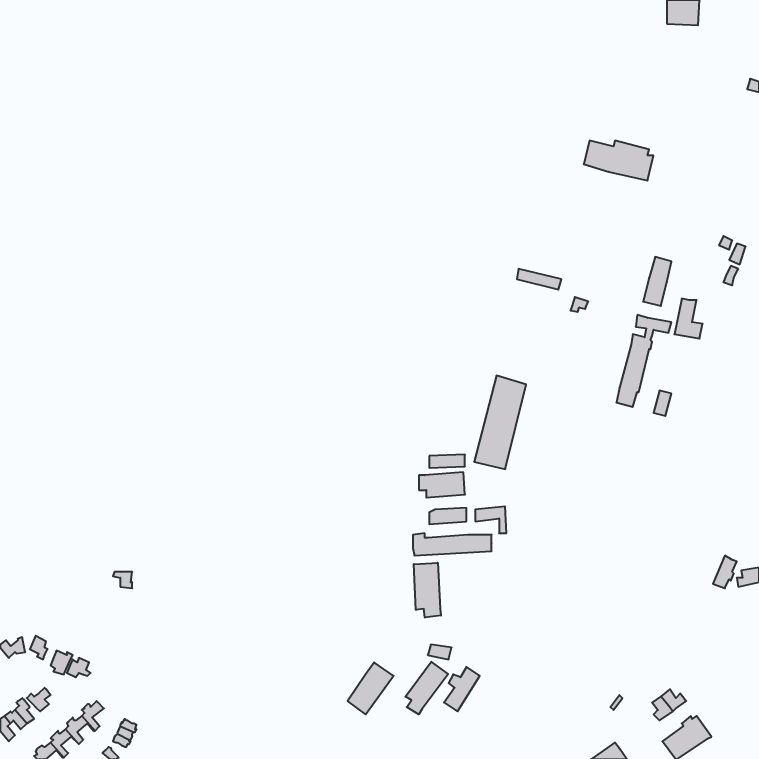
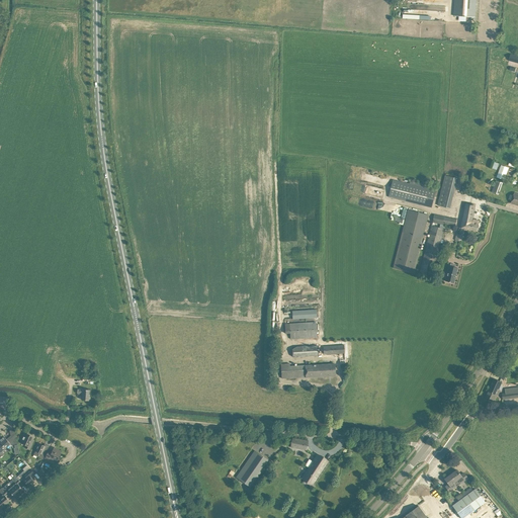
building: [584,141,653,181] -> [388,180,436,207]
building: [474,376,526,469] -> [393,209,428,273]
building: [414,563,441,618] -> none
building: [405,662,448,714] -> none

